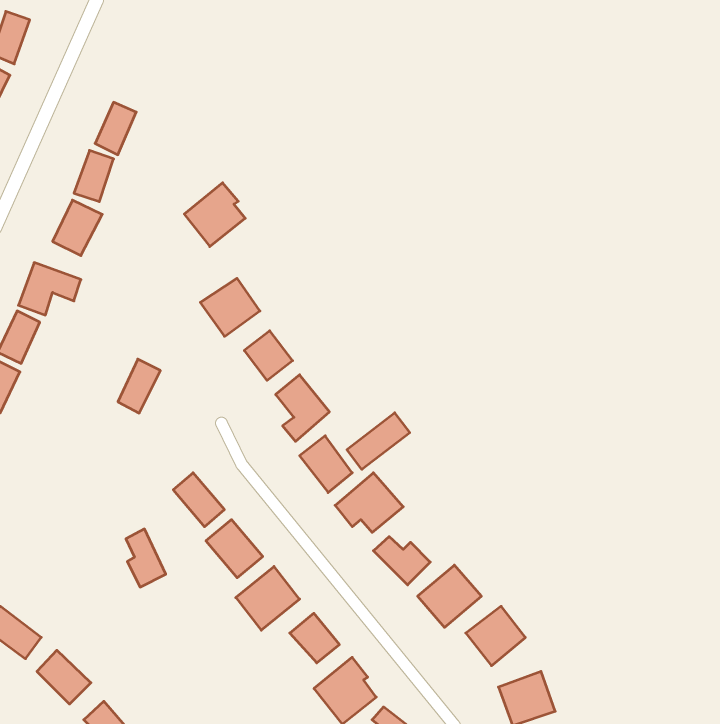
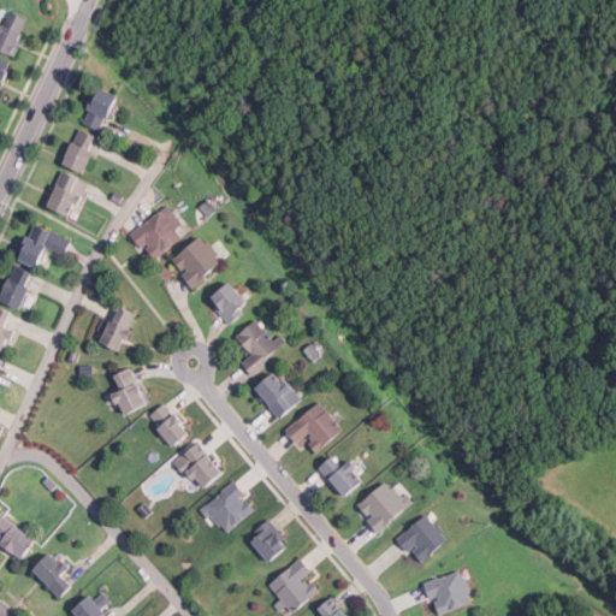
building: [184,183,245,247] -> [130,207,182,261]
building: [347,413,410,469] -> none
building: [126,529,166,587] -> [112,367,146,416]

